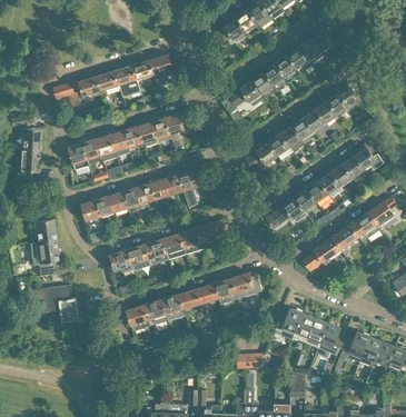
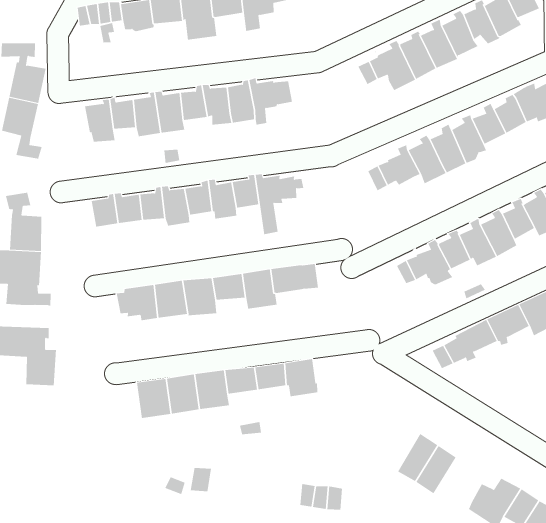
building: [231,272,263,298] -> none
building: [274,308,304,340] -> none
building: [318,324,345,355] -> none

